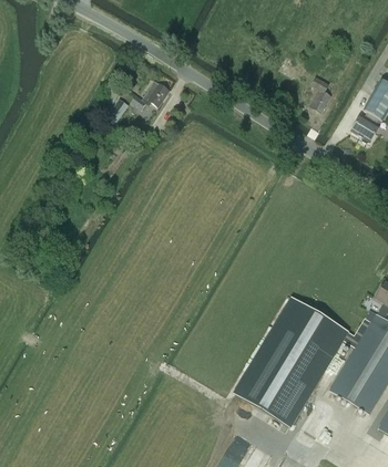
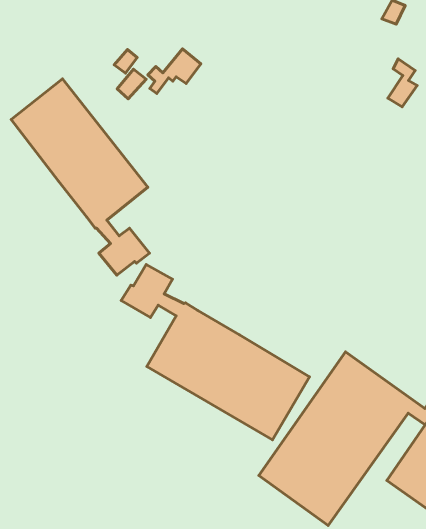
building: none -> [11,79,150,275]
building: none -> [121,265,310,440]

